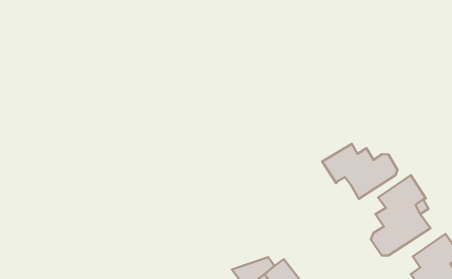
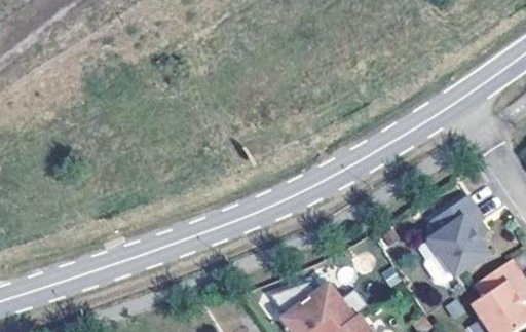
building: [322,144,398,199] -> none

